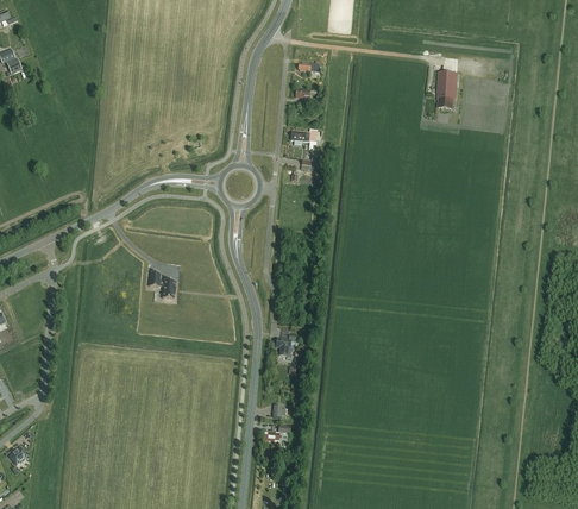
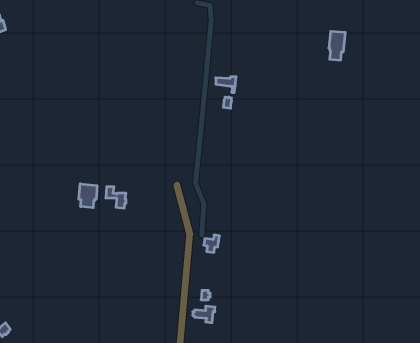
building: none -> [79,184,97,208]

